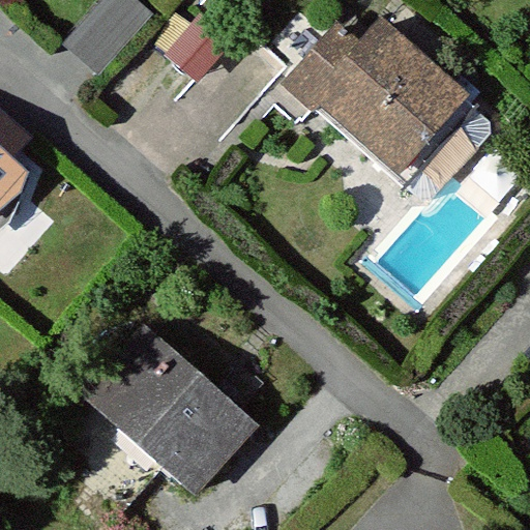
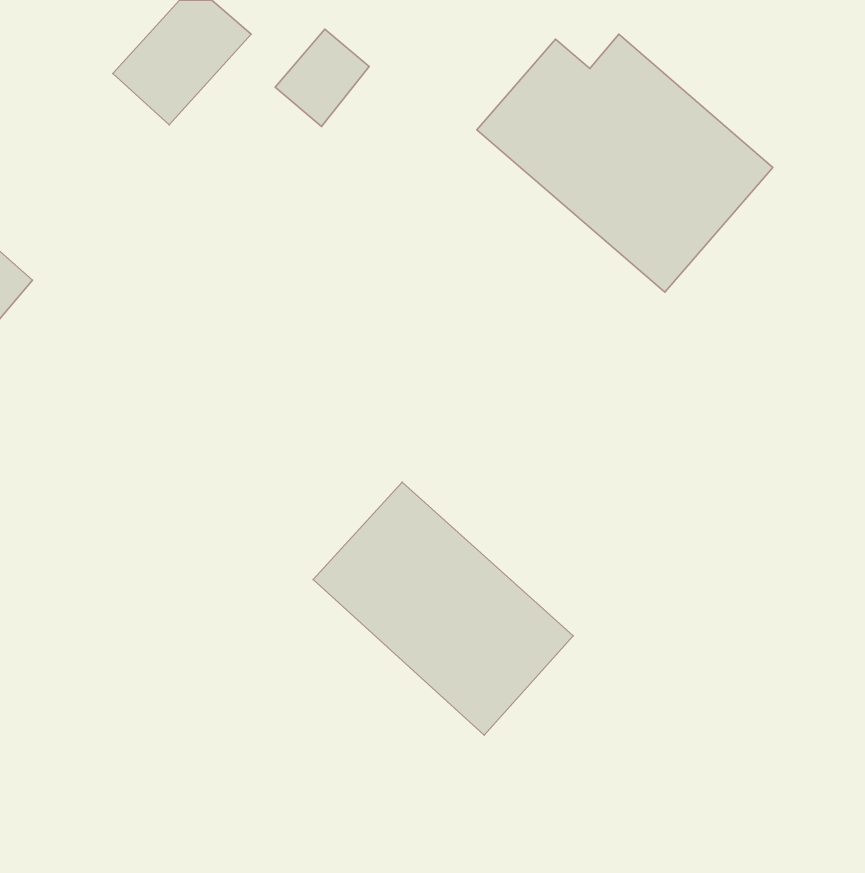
building: [93,337,251,491] -> [313,482,573,735]

